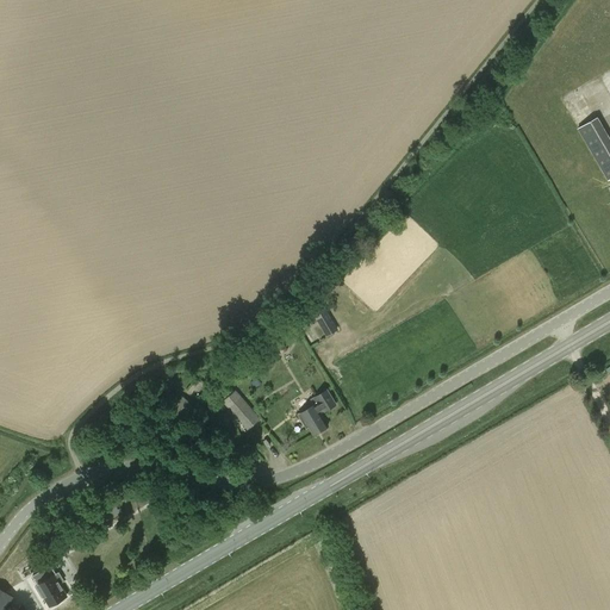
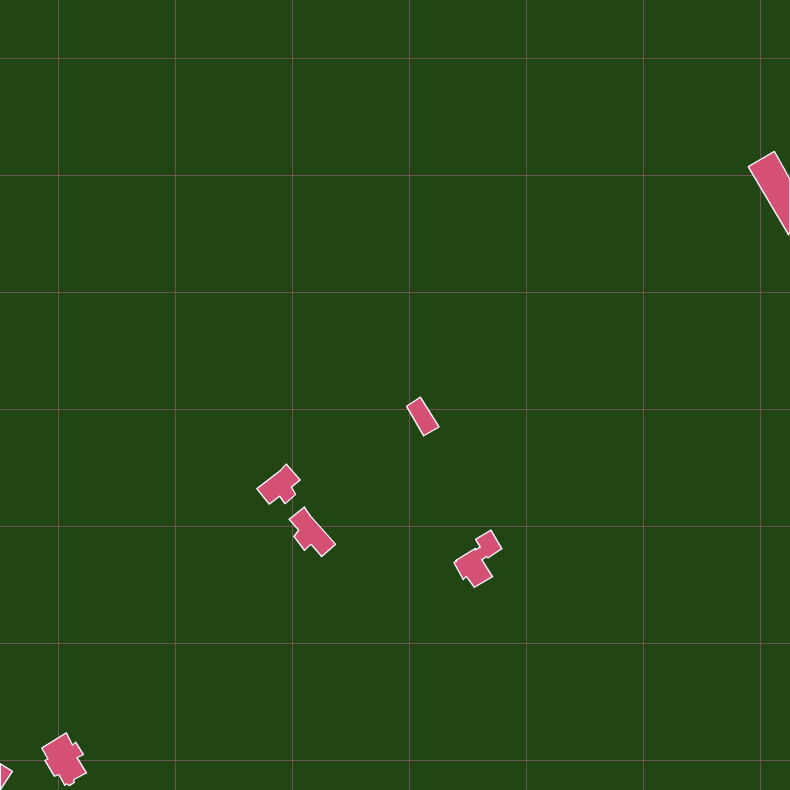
building: none -> [257,464,300,504]
building: [299,390,336,434] -> [454,530,502,587]

